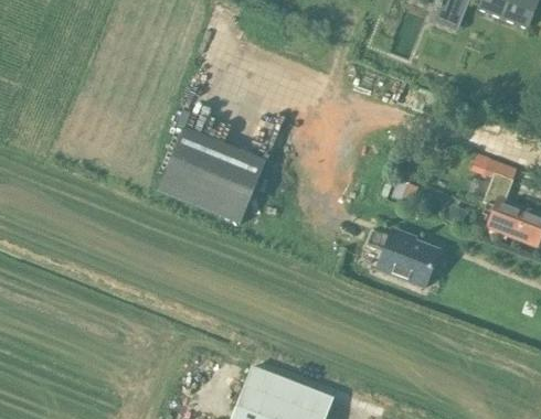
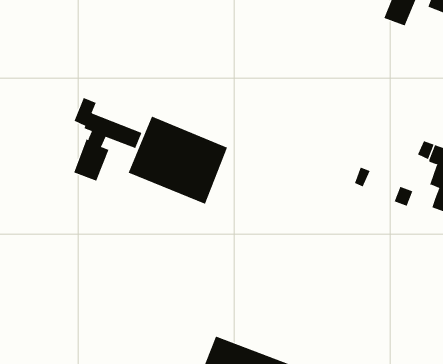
building: none -> [73,97,142,182]
building: [365,228,438,287] -> none

